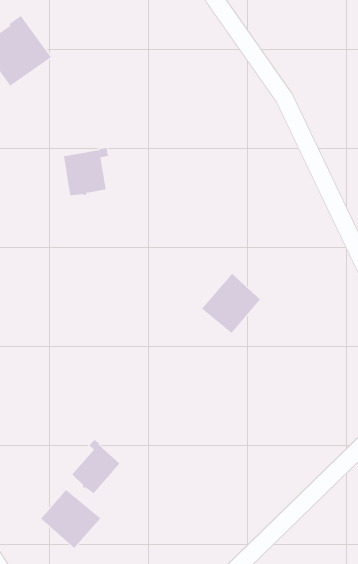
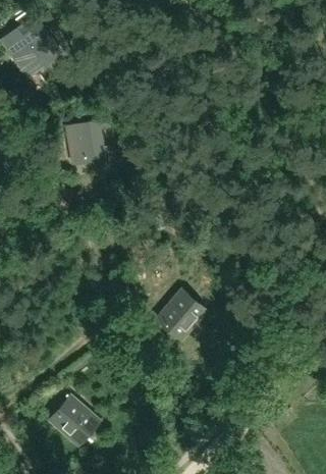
building: [201,273,261,334] -> [157,288,205,337]
building: [72,439,120,494] -> none

